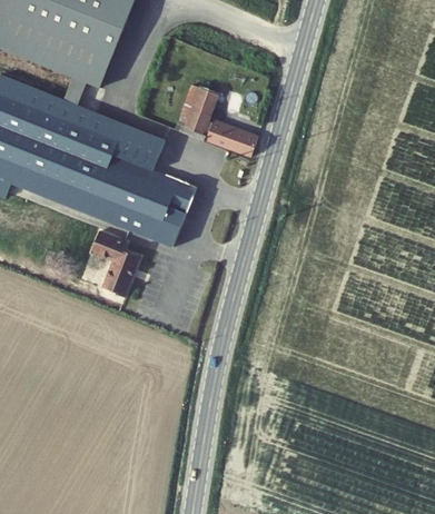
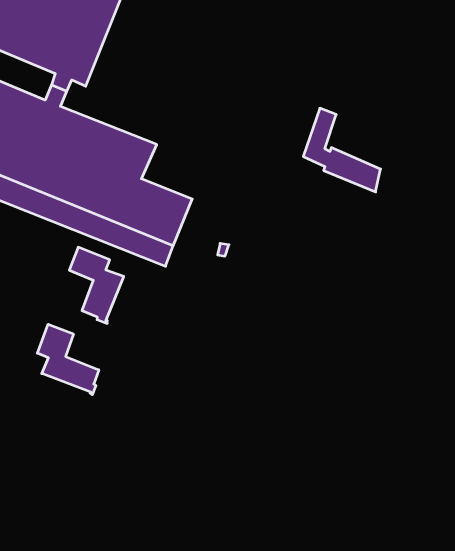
building: [181,81,249,155] -> [303,108,381,192]
building: none -> [37,324,99,395]

